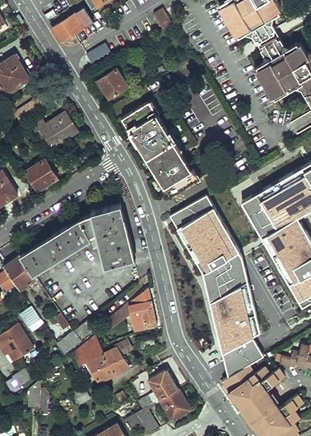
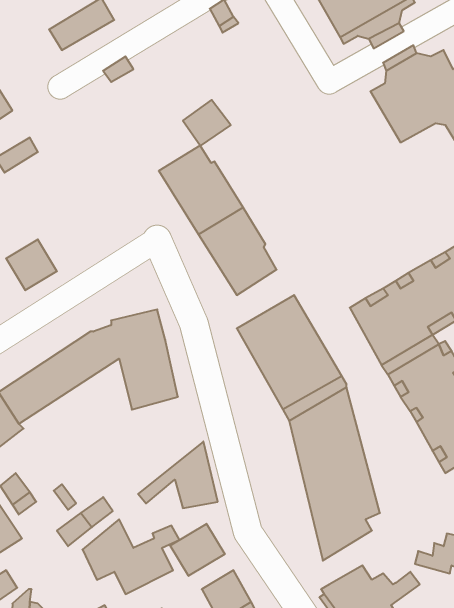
building: [98,68,128,97] -> [183,100,231,146]
building: [30,113,78,150] -> none
building: none -> [170,524,225,576]
building: [224,343,262,377] -> none

